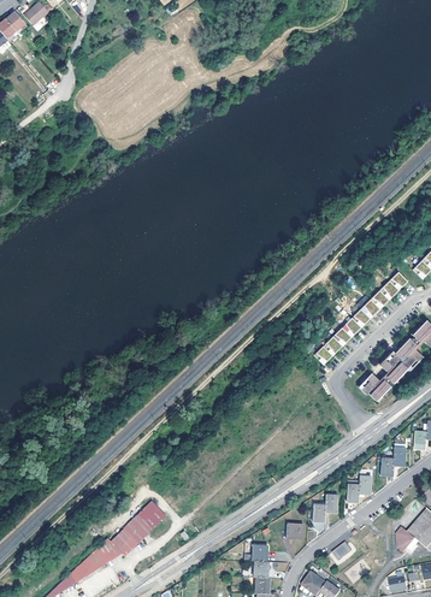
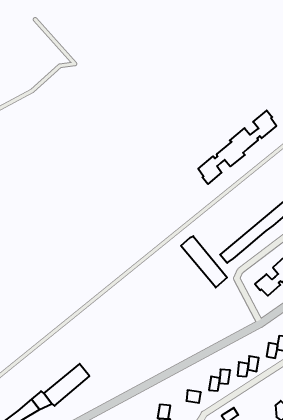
building: none -> [198,110,276,184]
building: none -> [181,236,227,288]

